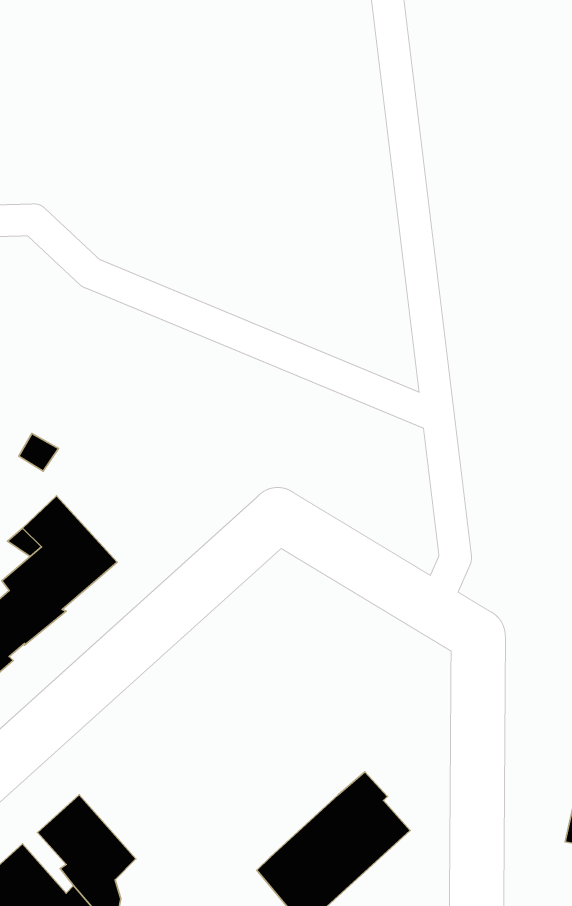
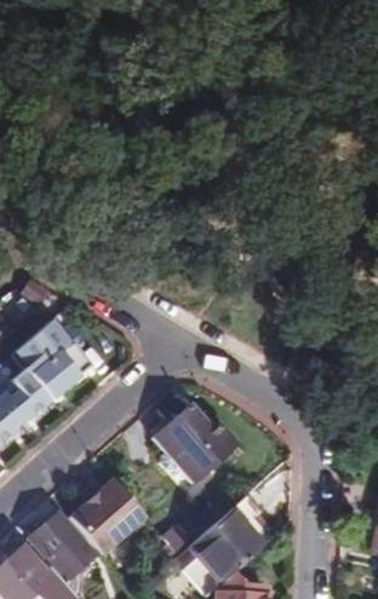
building: none -> [153,399,237,480]
building: none -> [71,477,142,548]

